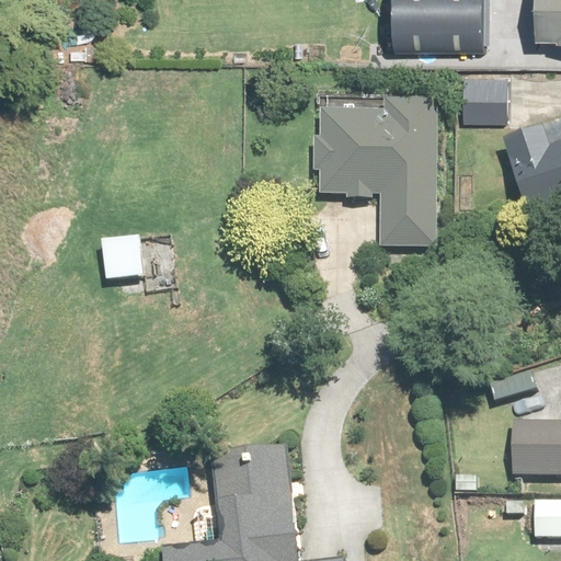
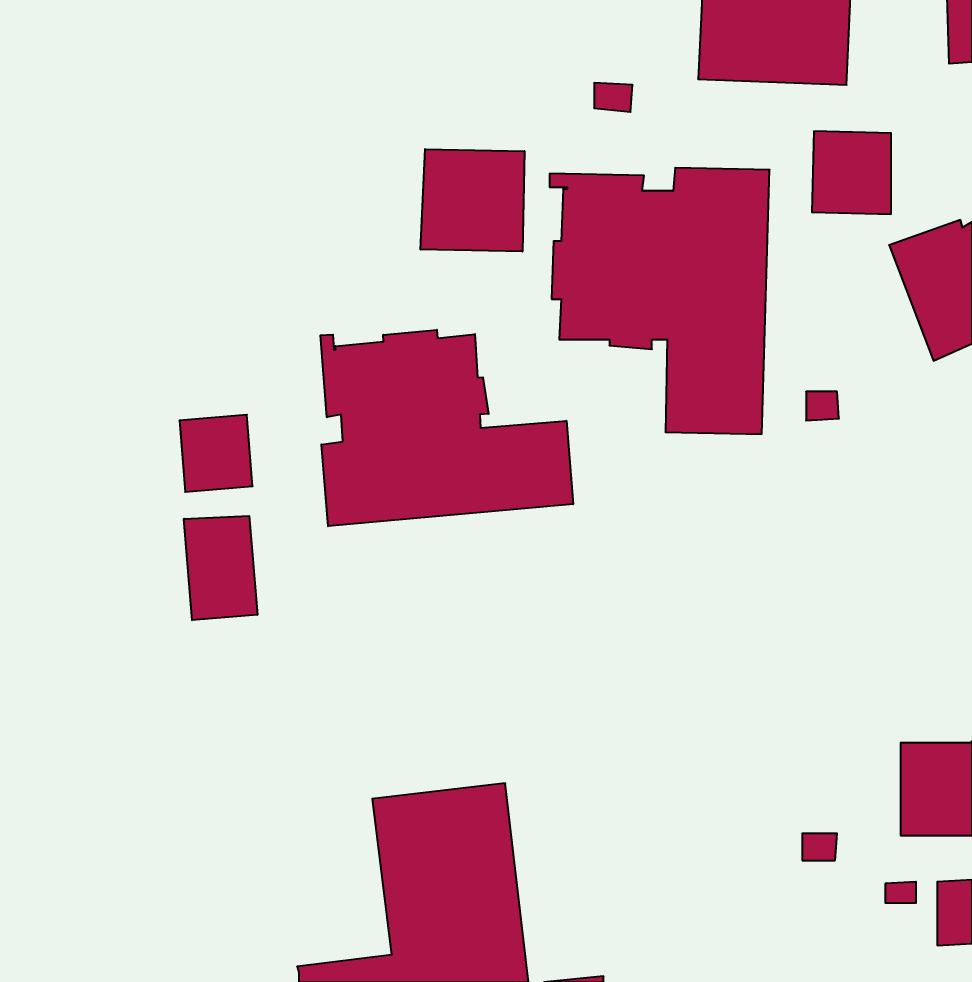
building: none -> [421,149,524,252]
building: none -> [320,330,573,526]
building: none -> [184,516,257,620]

